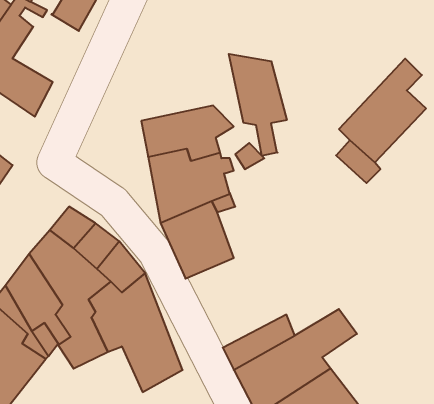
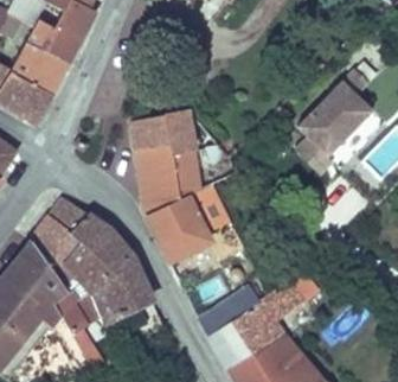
building: none -> [18,26,75,88]
building: [229,54,287,156] -> none

